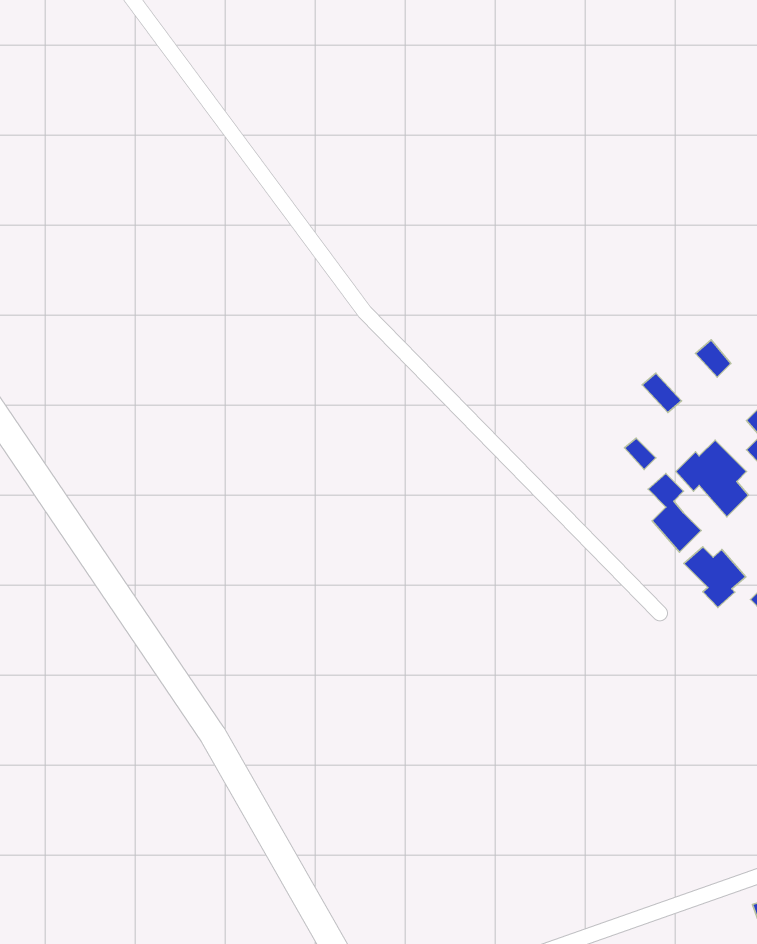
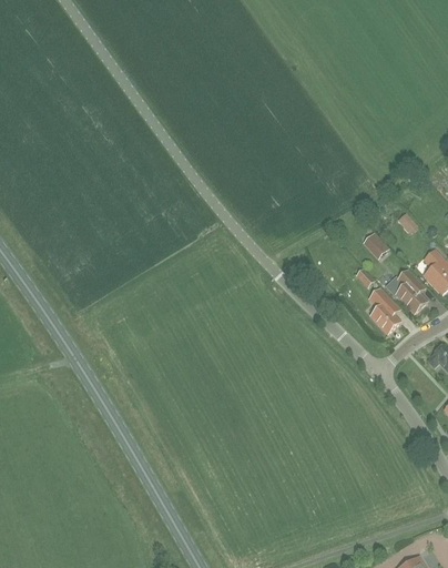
building: [684,547,746,607] -> none

